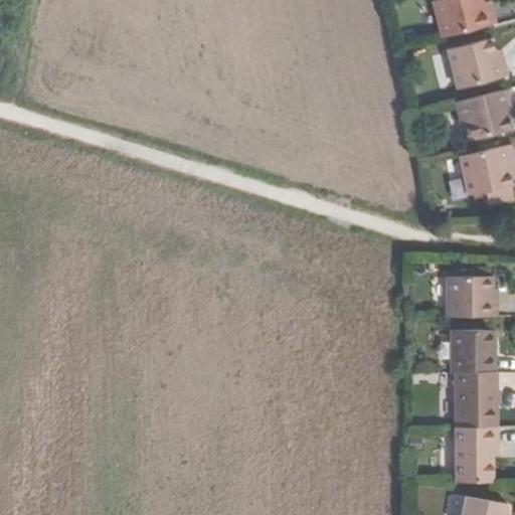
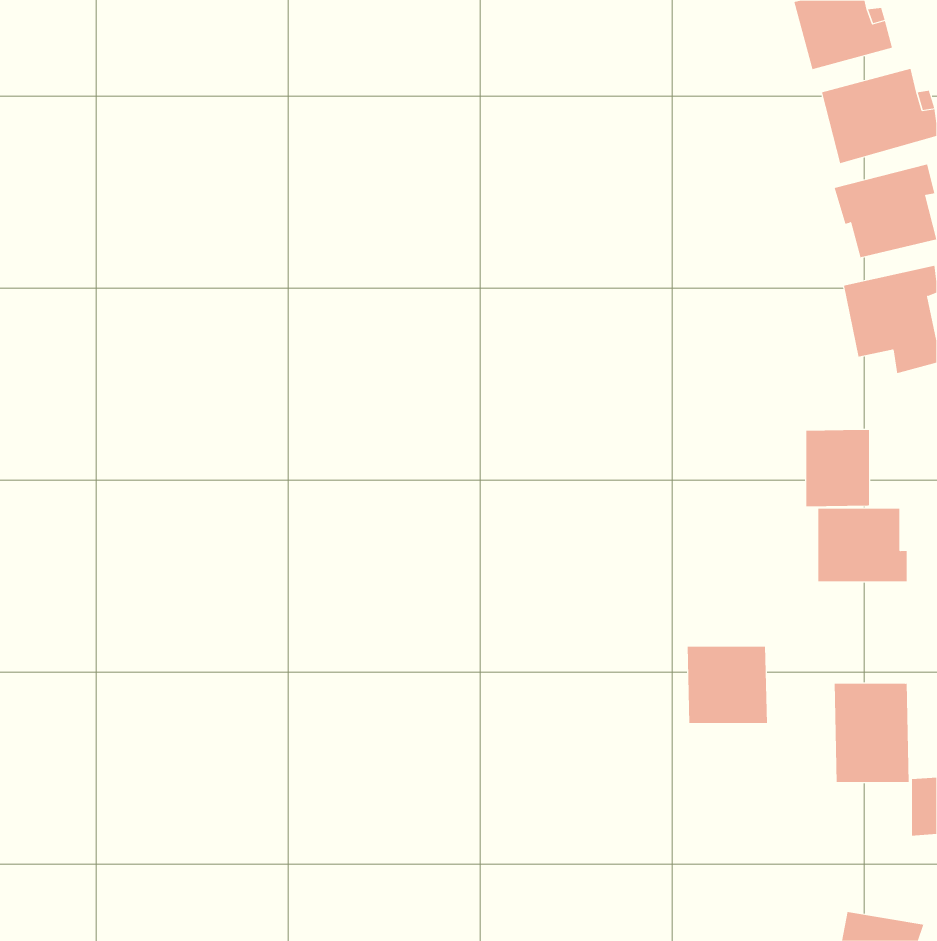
building: none -> [806,429,870,507]
building: [451,331,495,373] -> [687,646,768,724]
building: [455,427,492,483] -> none

